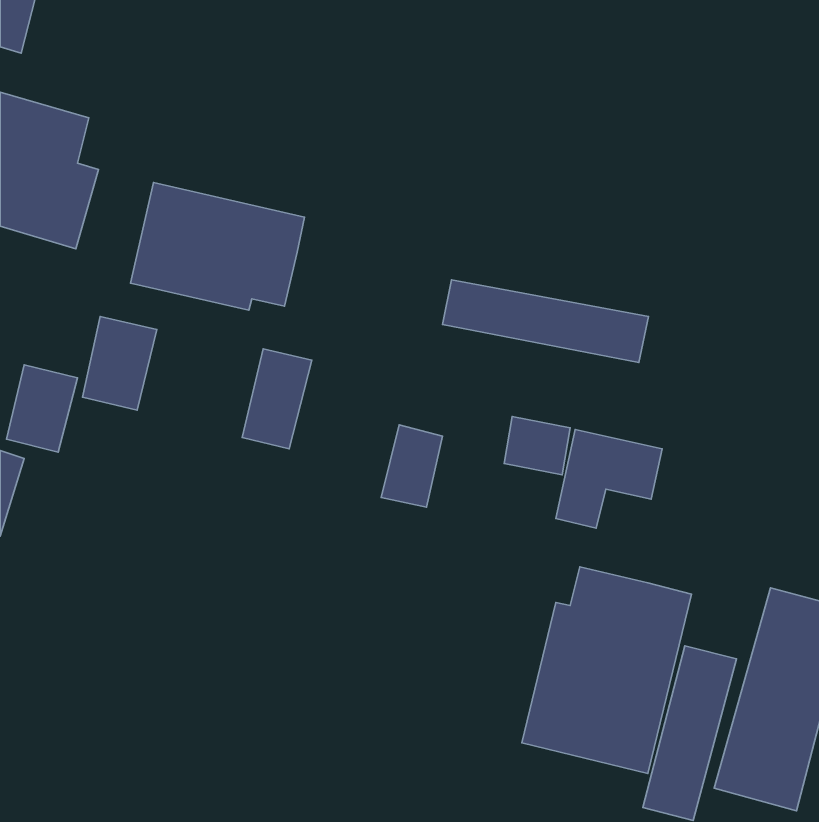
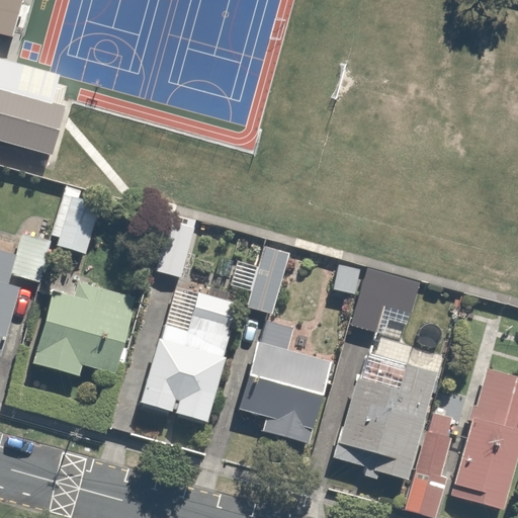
building: [131,183,304,310] -> none
building: [443,280,648,363] -> none
building: none -> [29,280,137,381]
building: none -> [141,289,240,422]
building: none -> [238,326,329,444]

